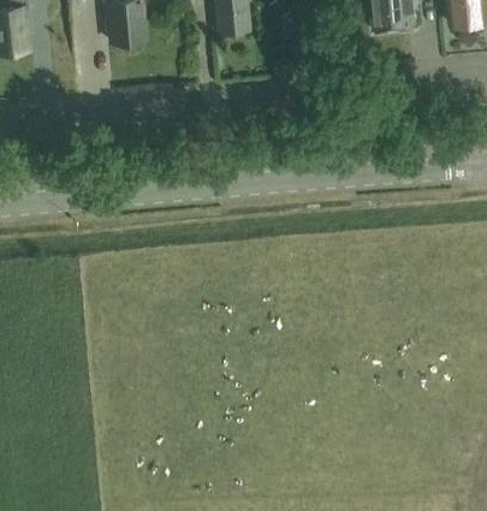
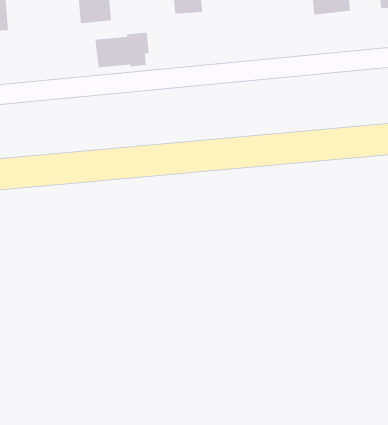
building: none -> [95,32,149,68]

